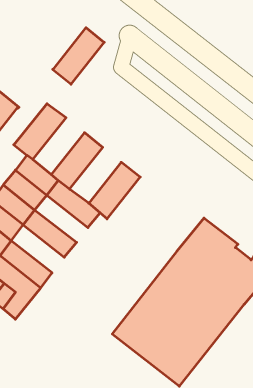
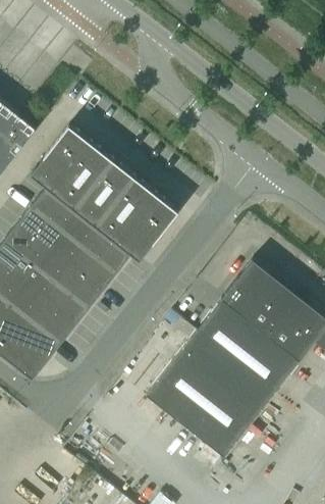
building: [53,28,104,84] -> [52,143,112,209]
building: none -> [95,178,155,243]
building: none -> [54,234,116,289]
building: none -> [26,268,89,324]

